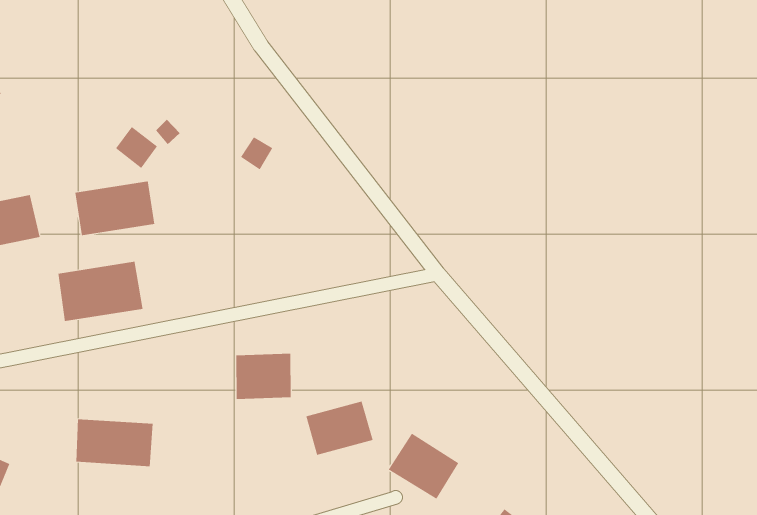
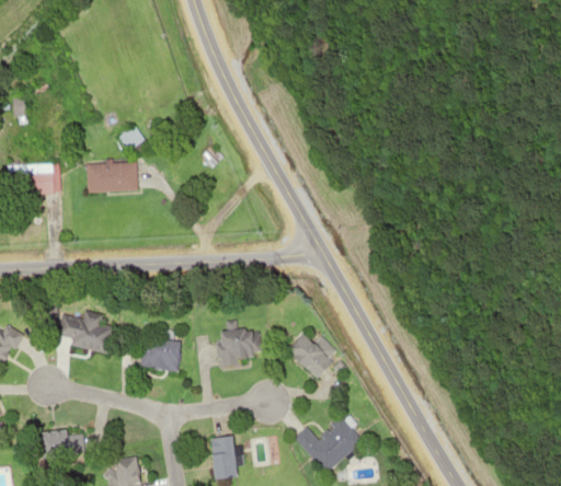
building: [58,261,143,322] -> none
building: [235,353,291,400] -> [140,337,182,371]
building: [388,433,459,500] -> [289,329,337,377]

